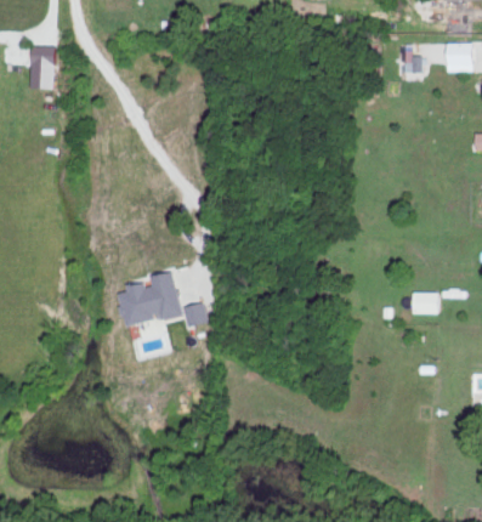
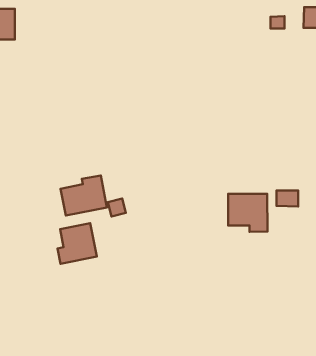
building: none -> [228,194,267,232]
building: none -> [58,223,97,264]

